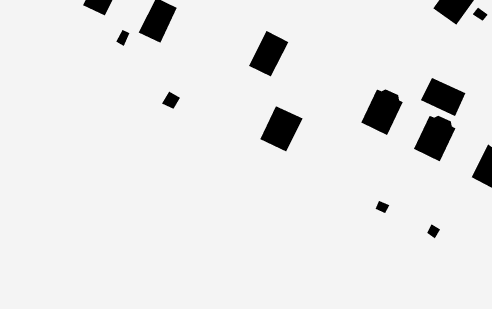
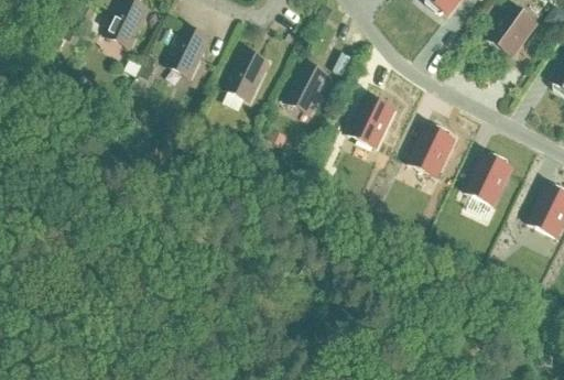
building: none -> [225,50,269,101]
building: [420,77,467,117] -> none
building: [259,105,304,153] -> [347,96,395,148]

